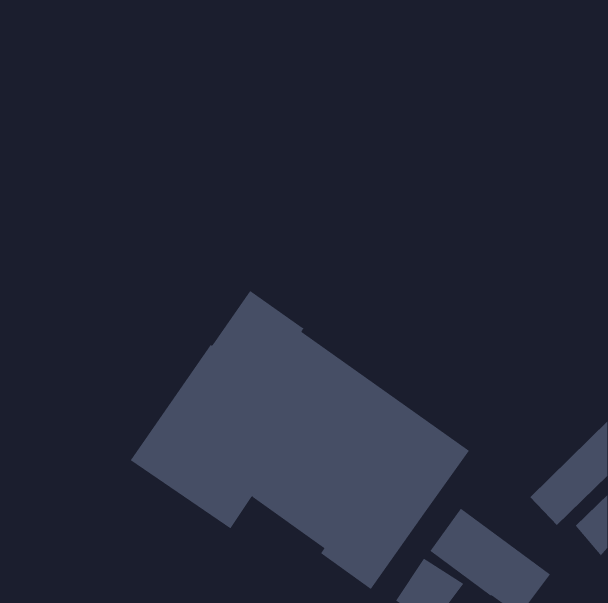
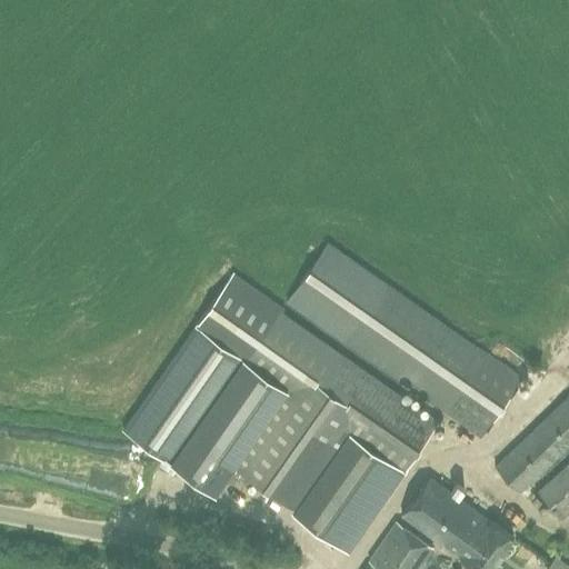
building: none -> [287,243,522,439]

